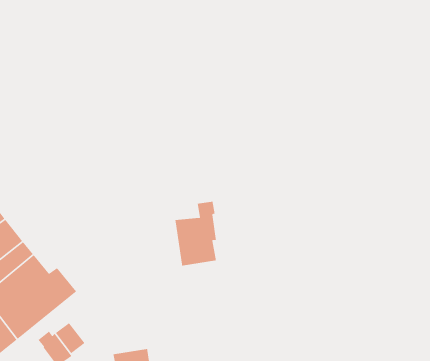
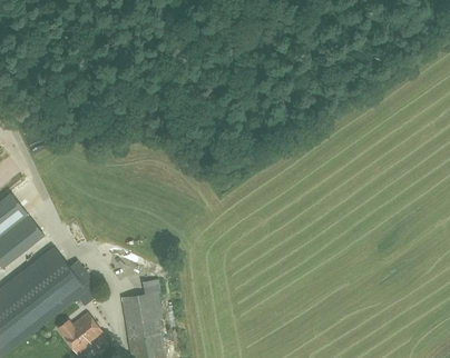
building: [174,201,217,267] -> [121,279,162,341]

